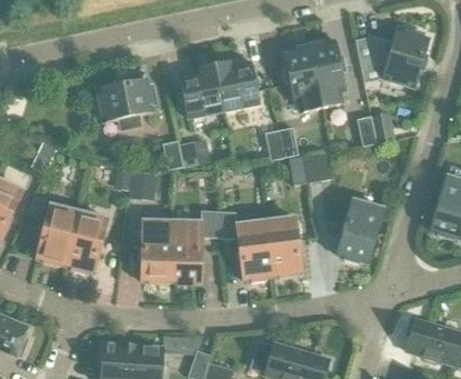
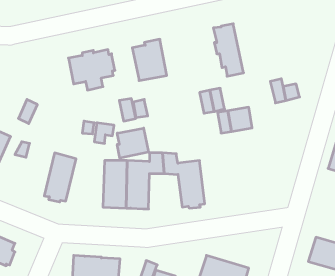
building: [355,26,430,87] -> none
building: [309,39,345,107] -> none
building: [214,60,260,110] -> none
building: none -> [117,128,149,158]
building: [338,199,382,263] -> none
building: [37,203,79,266] -> none
building: [265,216,302,276] -> none

